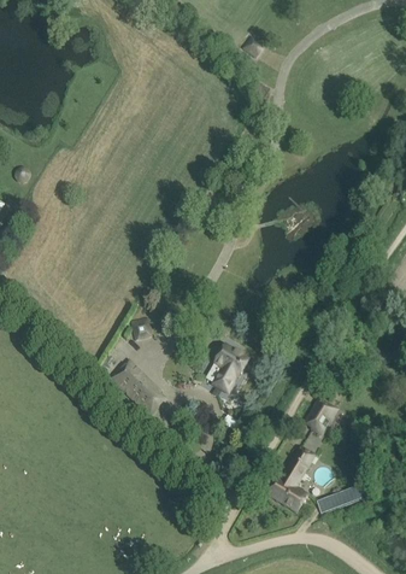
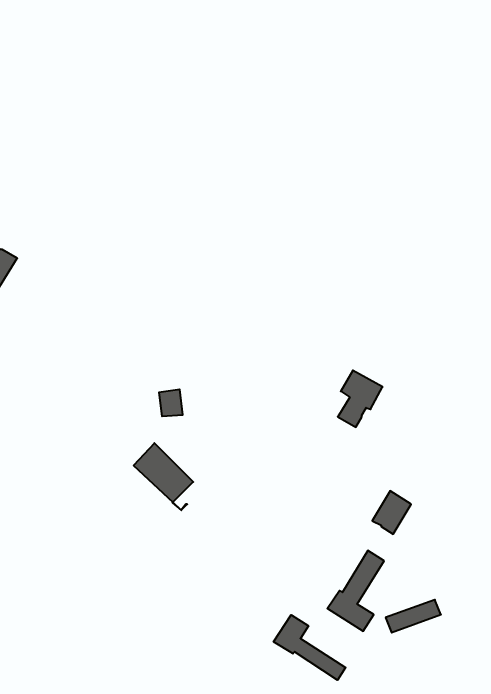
building: [212,346,248,392] -> [338,370,383,427]
building: none -> [274,615,346,680]

